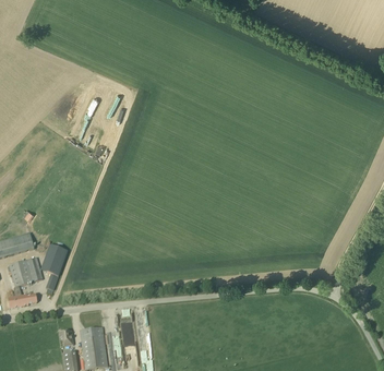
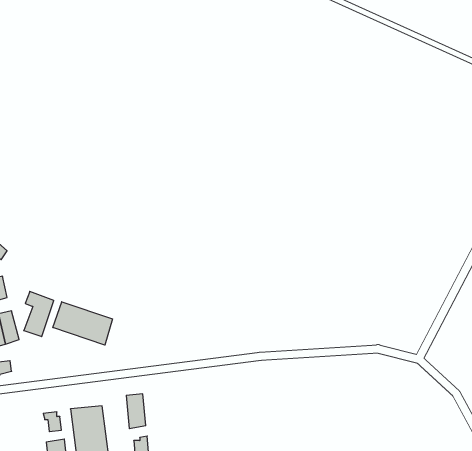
building: none -> [53,302,113,345]

